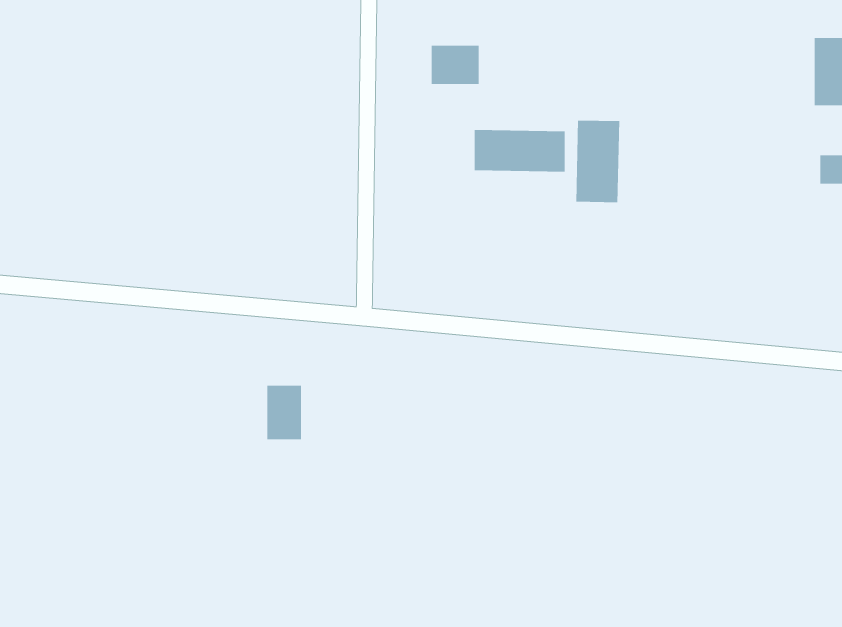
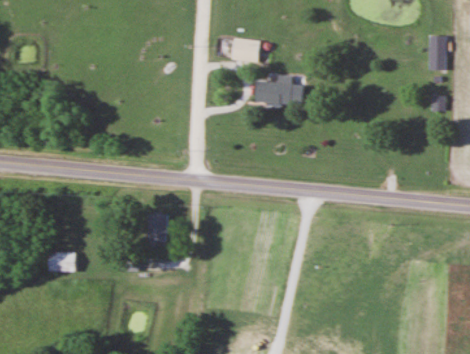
building: [576,120,620,203] -> none
building: none -> [48,252,75,271]

